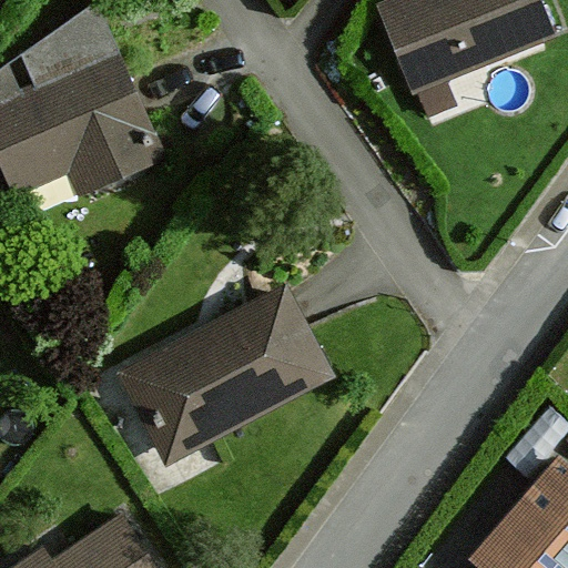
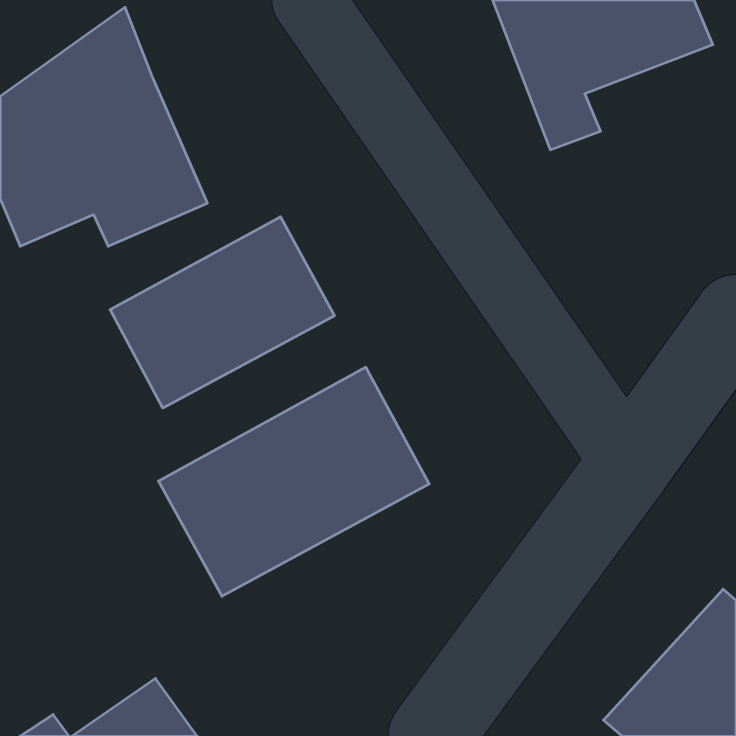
building: none -> [110,217,334,408]

